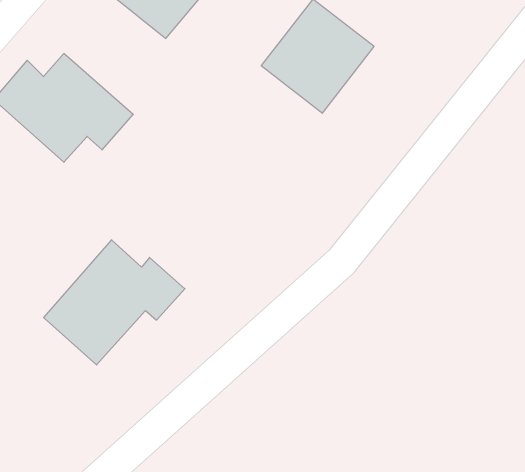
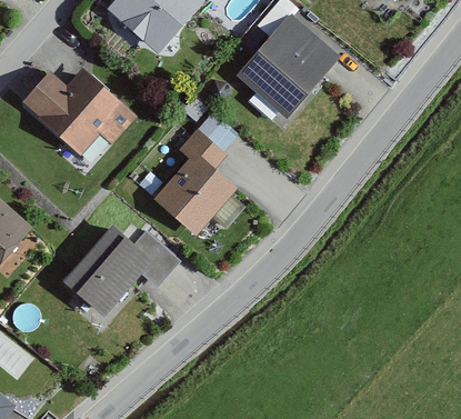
building: none -> [156,130,234,230]

